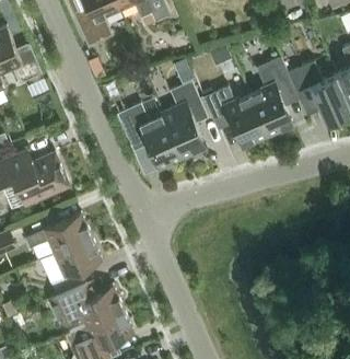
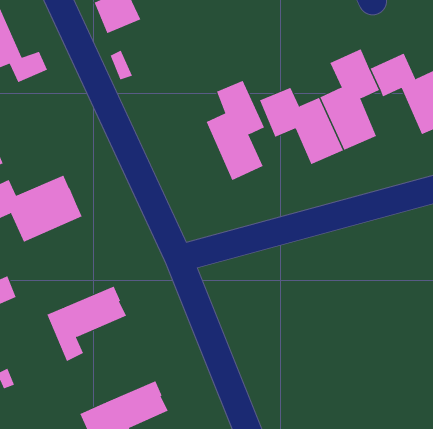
building: [117,103,182,169] -> none
building: [24,212,92,254] -> none
building: [47,285,124,326] -> none

